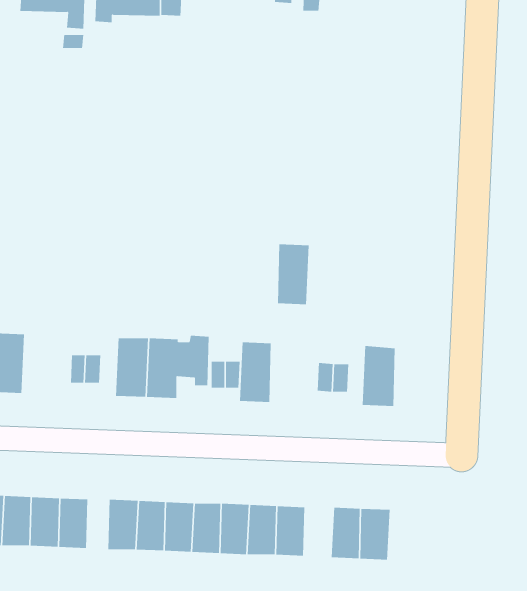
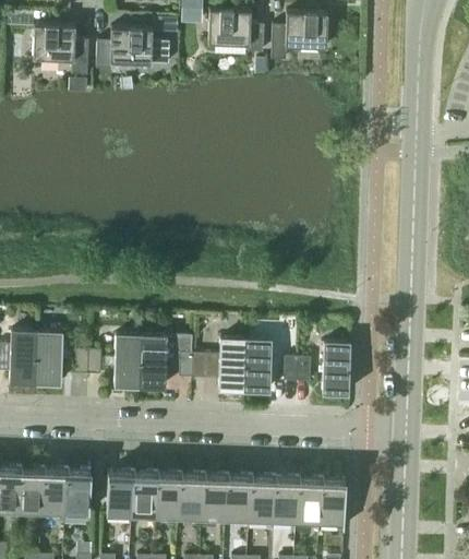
building: [277,244,309,305] -> [244,341,272,392]
building: none -> [35,333,63,384]
building: none -> [273,479,298,522]

